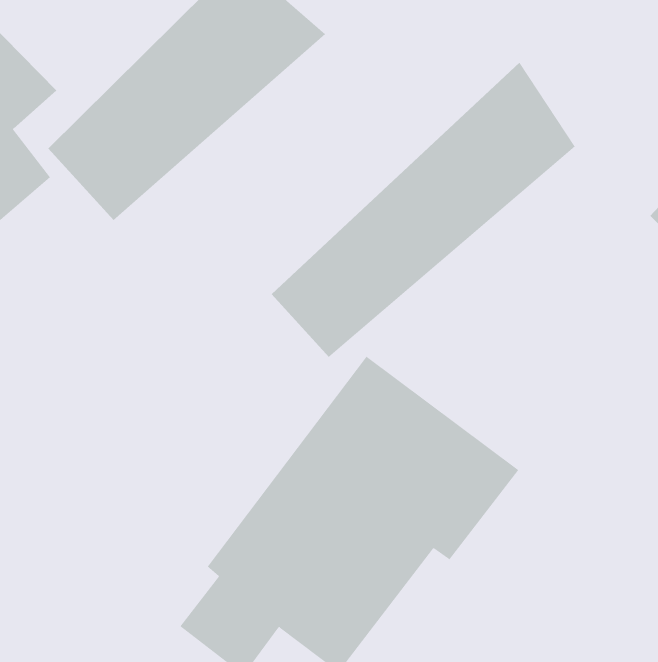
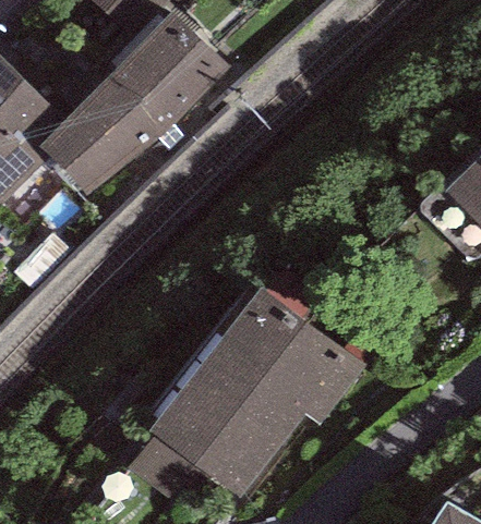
building: [271,62,575,358] -> none

